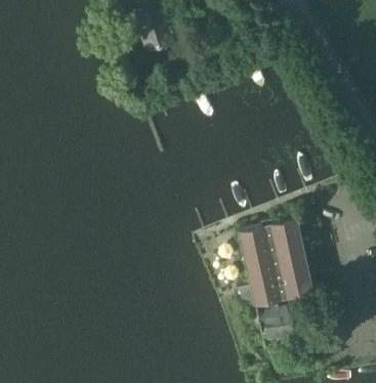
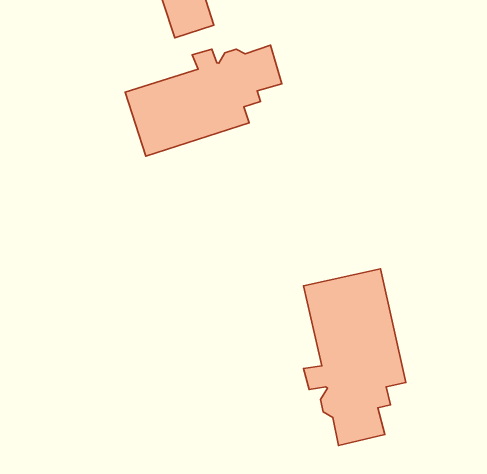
building: none -> [125,45,282,156]

